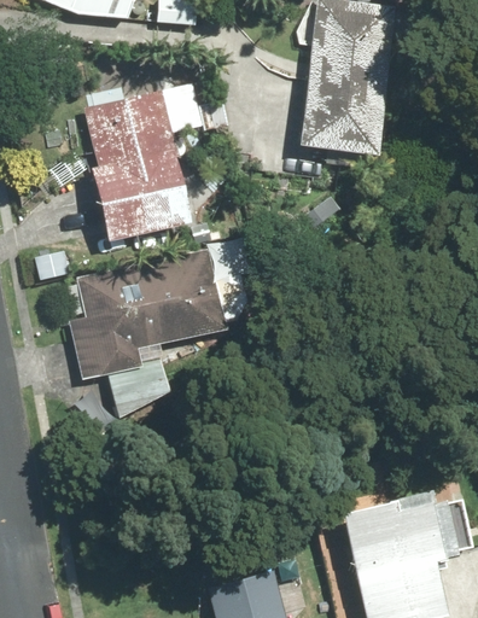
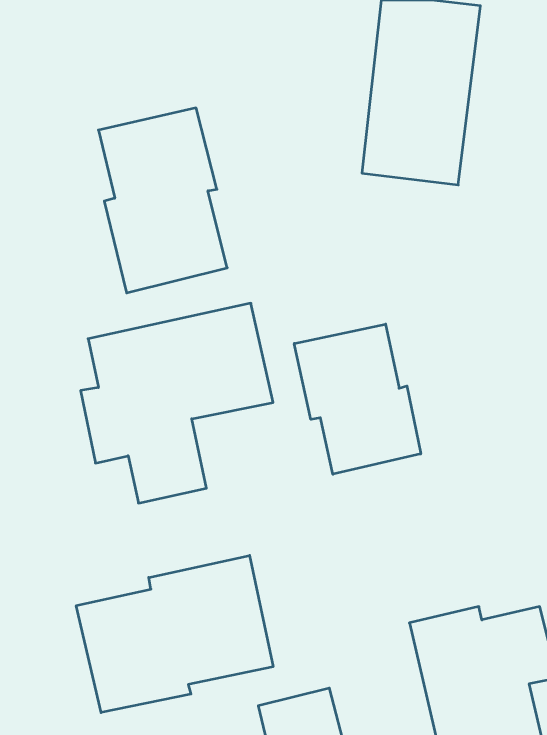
building: none -> [294,324,421,474]
building: none -> [76,555,273,713]

